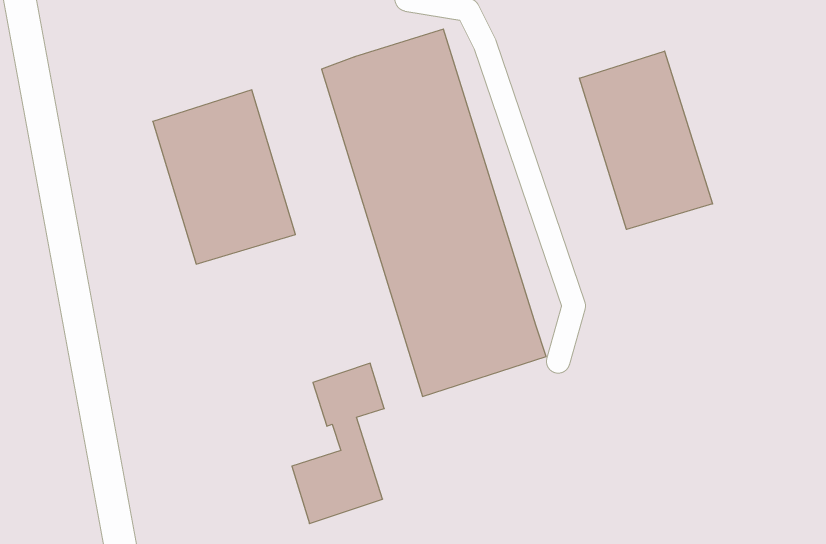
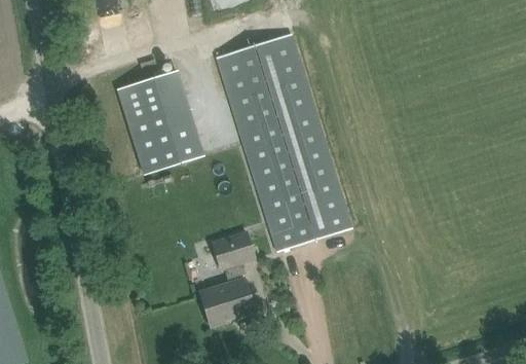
building: [579,51,713,229] -> none

